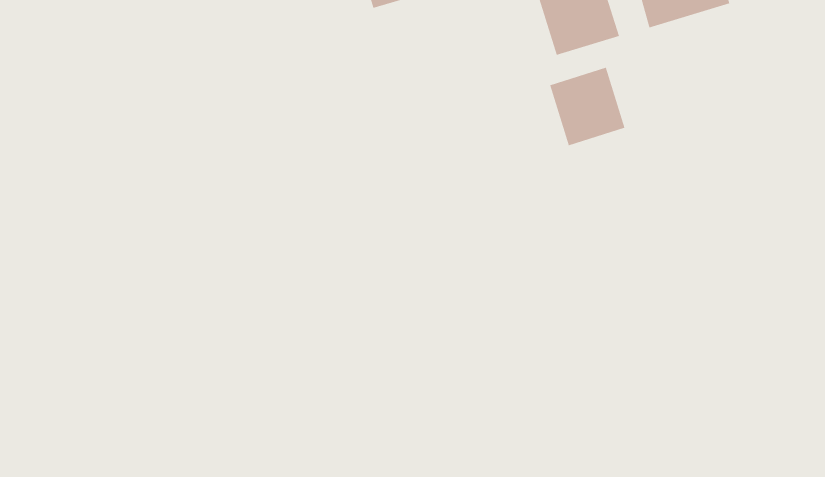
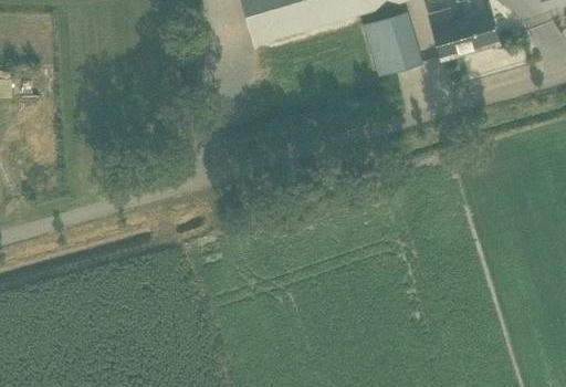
building: [549,67,625,146] -> none

